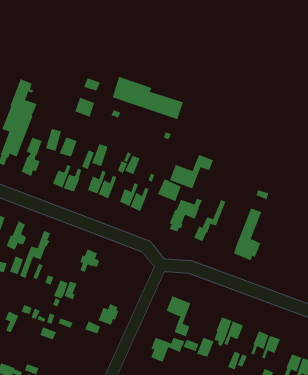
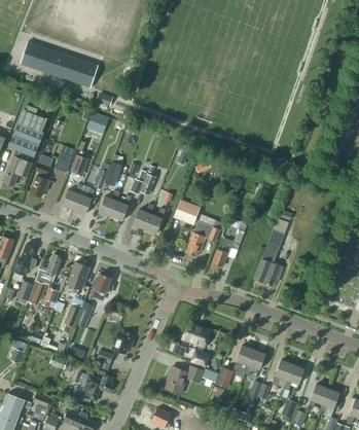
building: [112,76,184,120] -> [20,41,96,87]
building: [169,154,214,189] -> none
building: none -> [67,261,89,294]
building: none -> [74,372,113,401]

